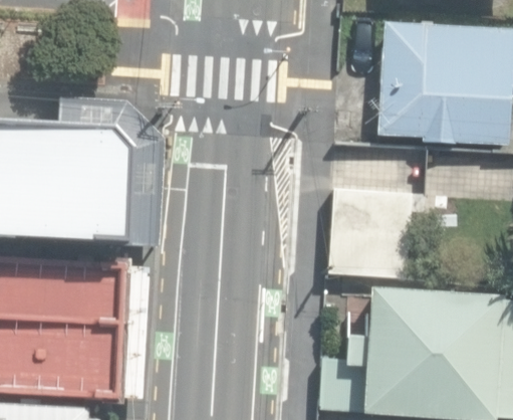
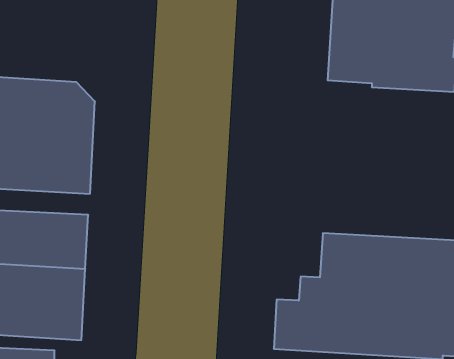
building: [331,190,414,277] -> none

